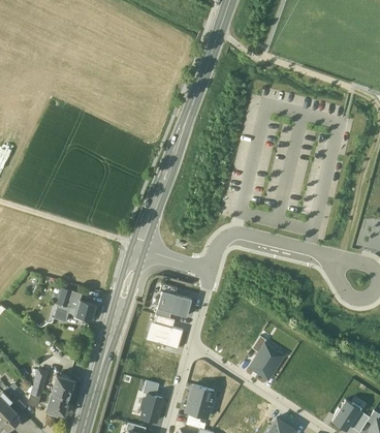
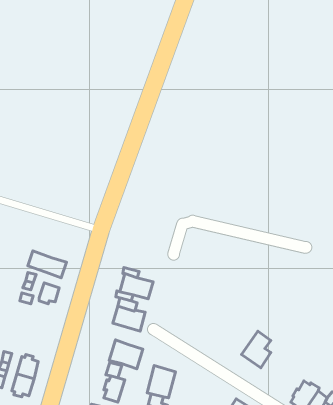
building: none -> [28,251,67,278]
building: [248,343,278,380] -> [242,331,271,368]
building: none -> [109,340,143,369]

